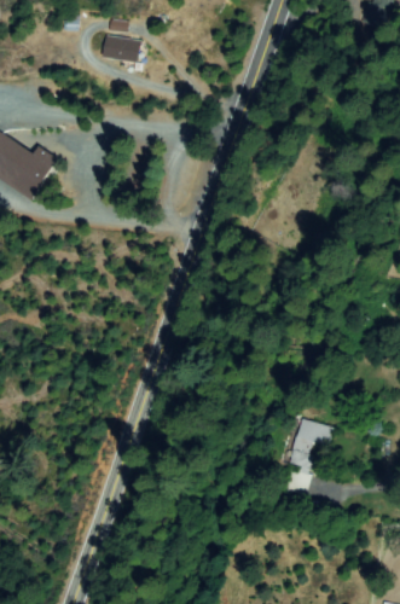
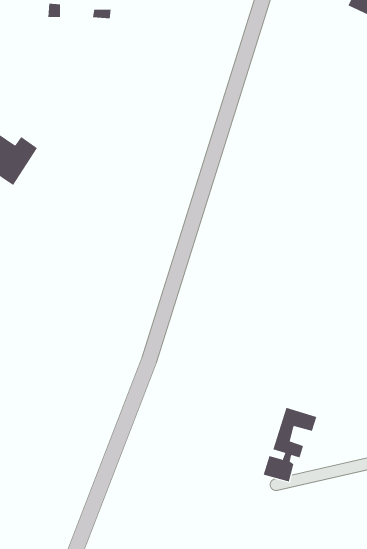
building: [105,34,145,63] -> none

